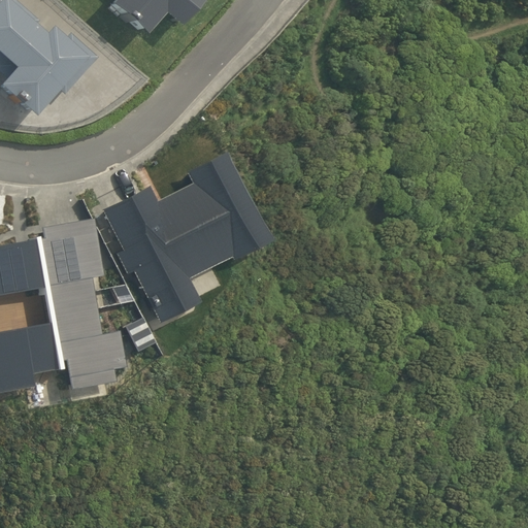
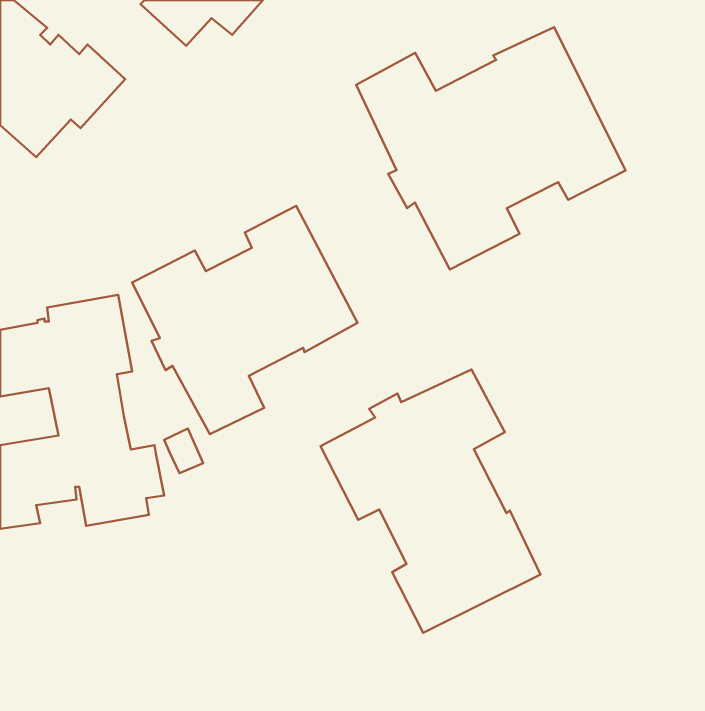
building: none -> [356,27,626,269]
building: none -> [320,369,540,633]

